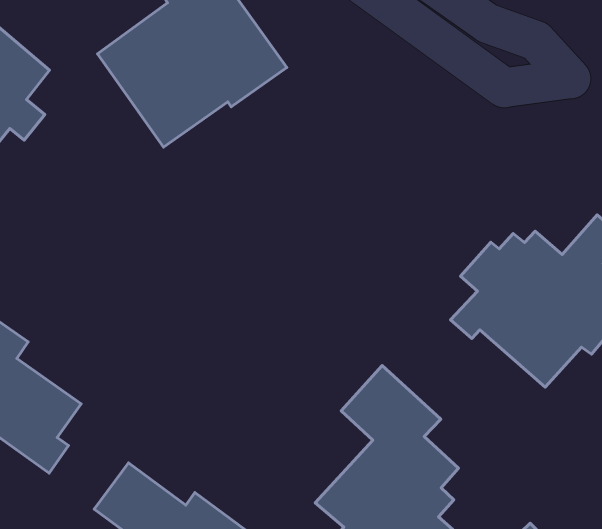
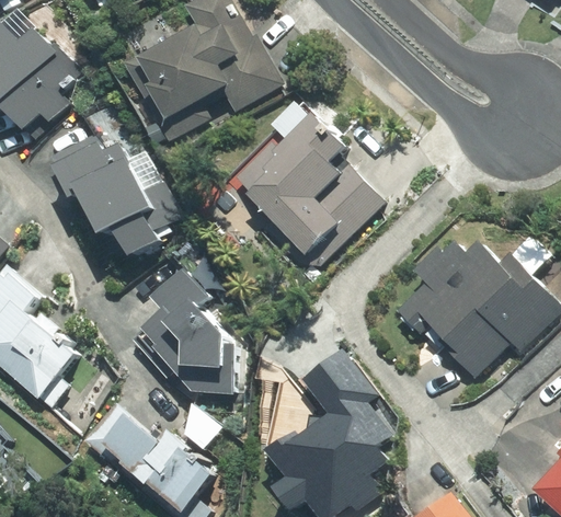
building: none -> [236,102,387,268]
building: none -> [46,116,164,264]
building: none -> [142,271,240,398]

